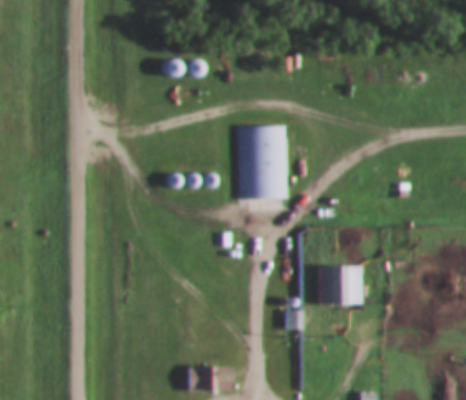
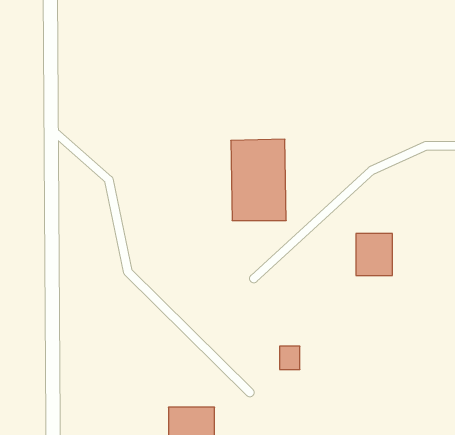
building: [328,265,361,303] -> [356,234,392,275]

